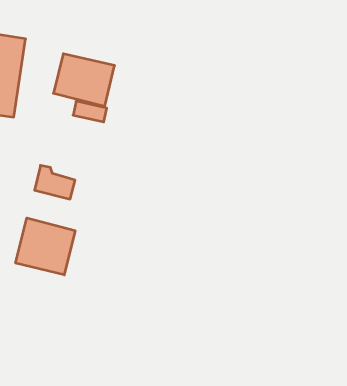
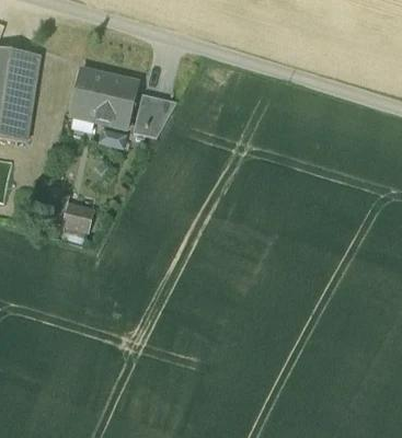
building: none -> [134,93,176,137]
building: [16,218,75,275] -> none

